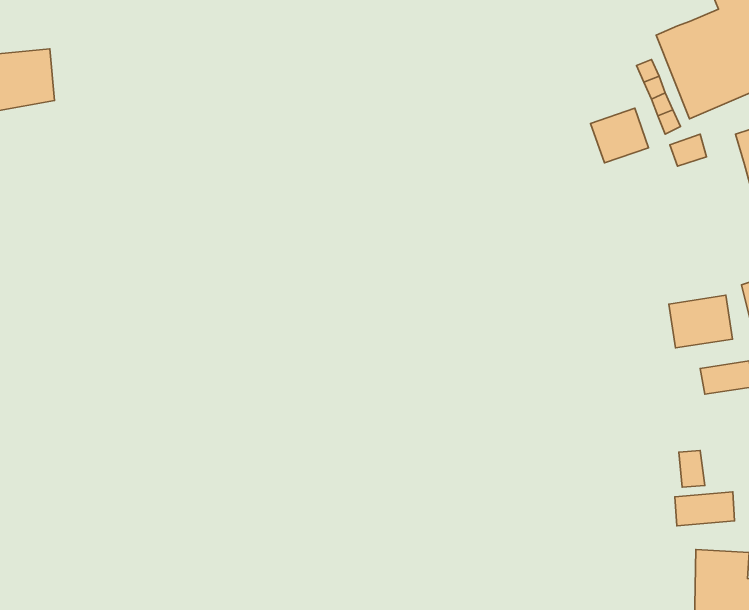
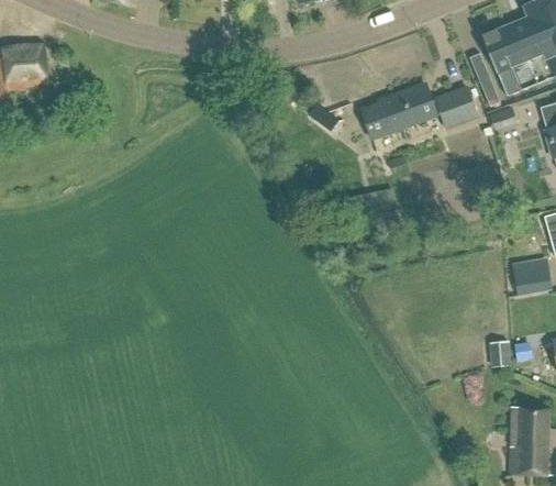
building: none -> [362,82,435,136]
building: [669,295,733,348] -> none
building: [675,492,735,526] -> none

